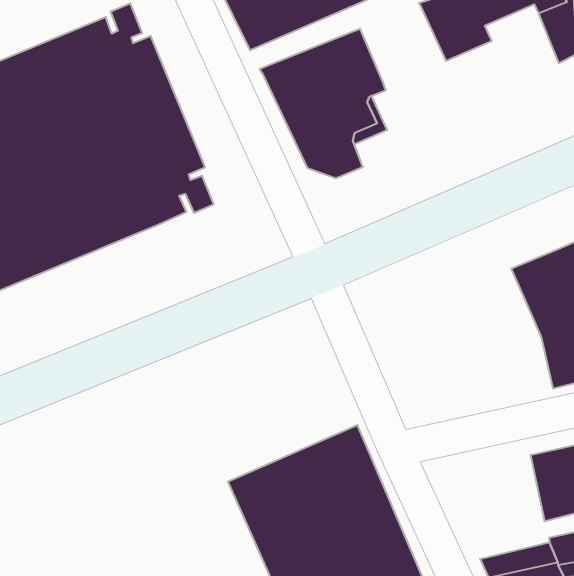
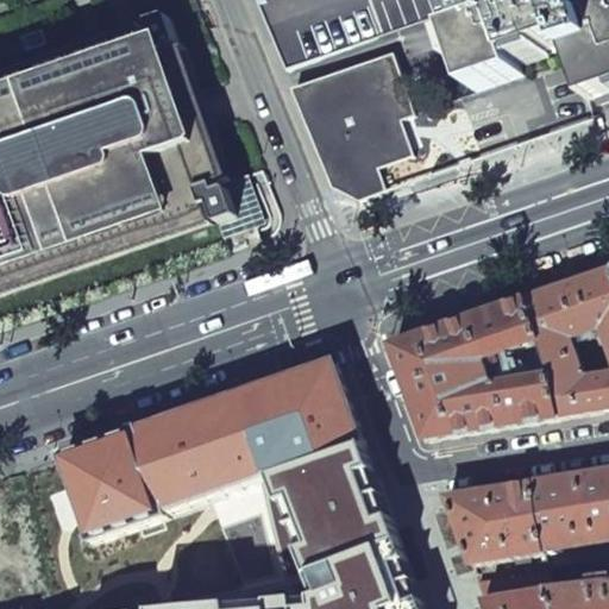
building: none -> [387,296,554,438]
building: none -> [58,362,360,541]
building: none -> [441,481,539,564]

